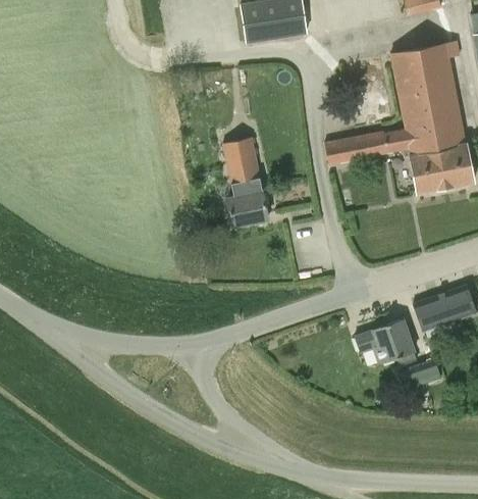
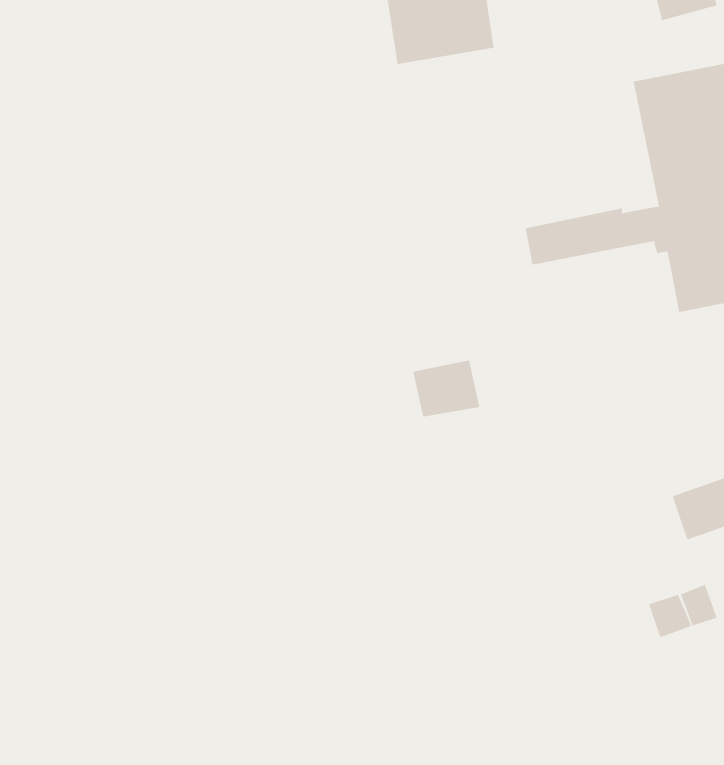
building: [223,137,261,184] -> none
building: [228,191,269,226] -> [413,360,480,417]
building: [355,318,417,366] -> none

